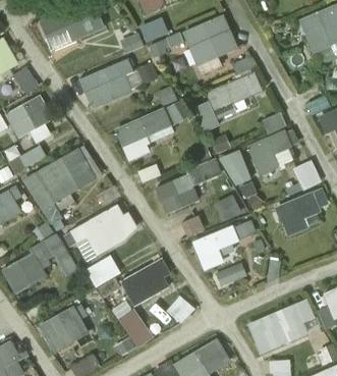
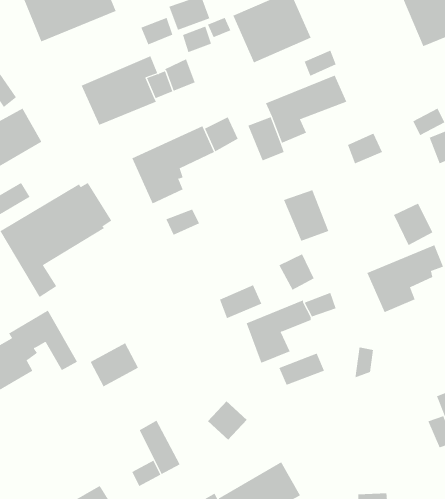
building: [246,129,292,175] -> none
building: [156,158,222,213] -> none
building: [62,205,135,255] -> none
building: [120,258,169,305] -> none
building: [247,299,315,354] -> none
building: [40,306,89,352] -> none

